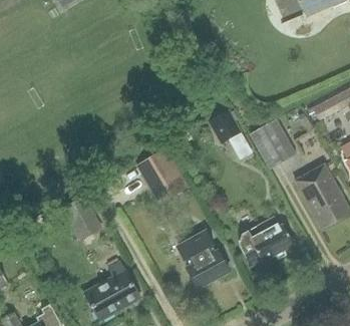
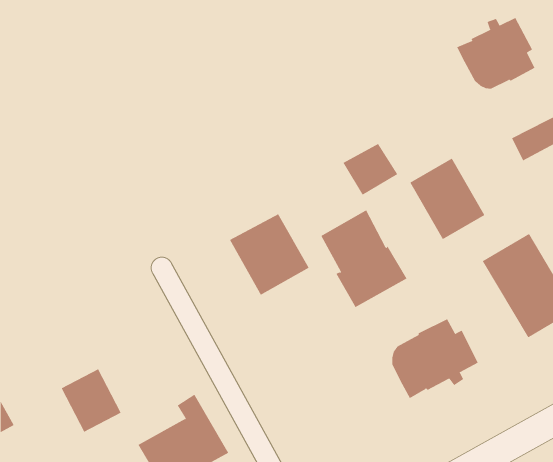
building: none -> [457,17,535,89]
building: [66,200,103,239] -> [61,368,121,432]
building: [176,230,229,290] -> [321,210,408,308]

